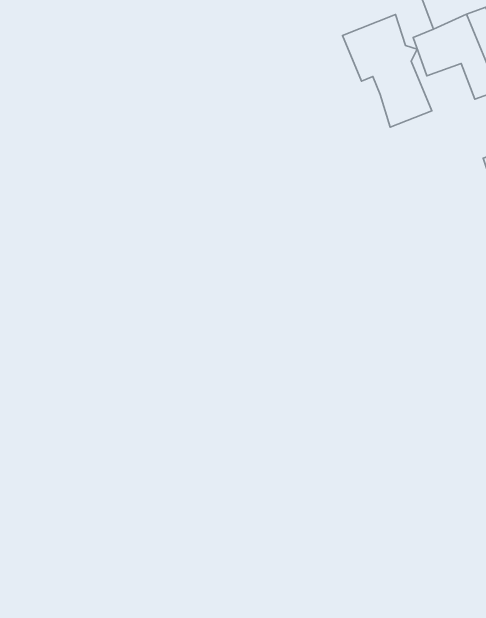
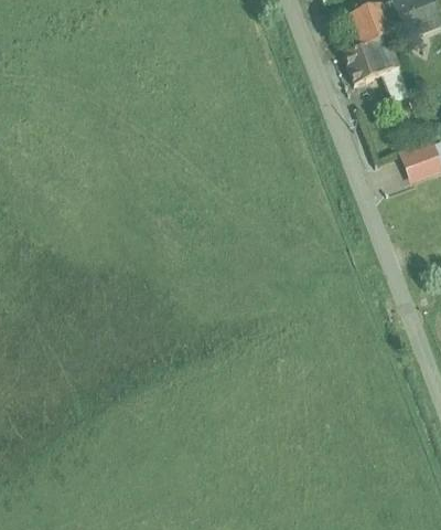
building: [343,15,432,127] -> none

